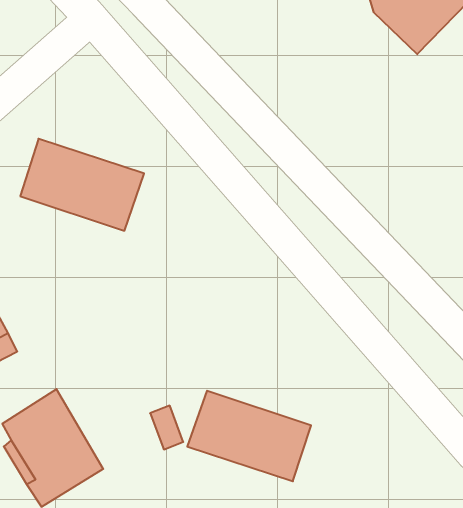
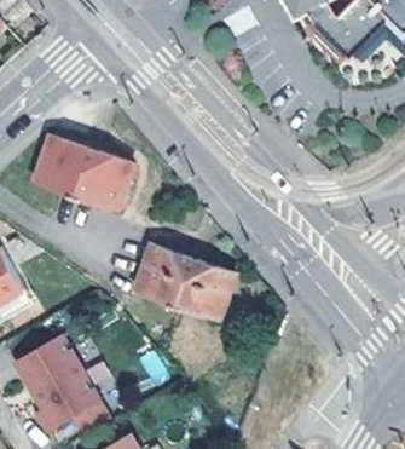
building: [187,391,311,481] -> [132,243,231,316]

